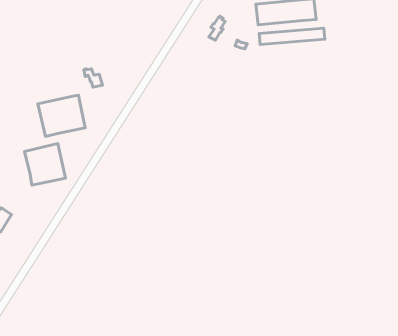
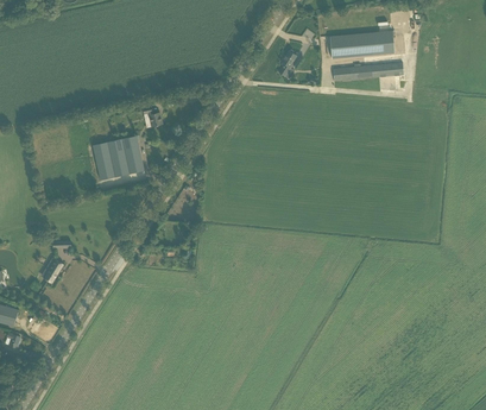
building: [25,144,65,185] -> none

